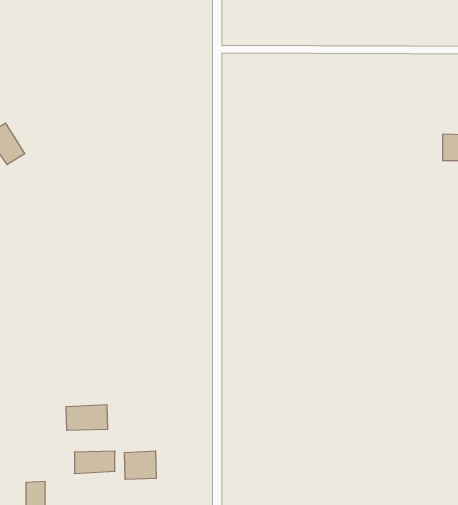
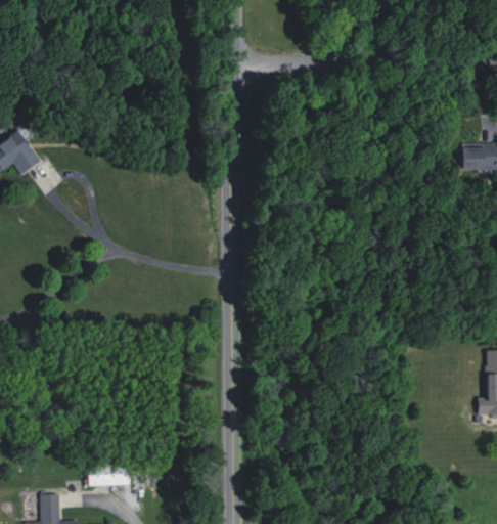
building: [66,405,107,431] -> none
building: [125,451,156,479] -> none

